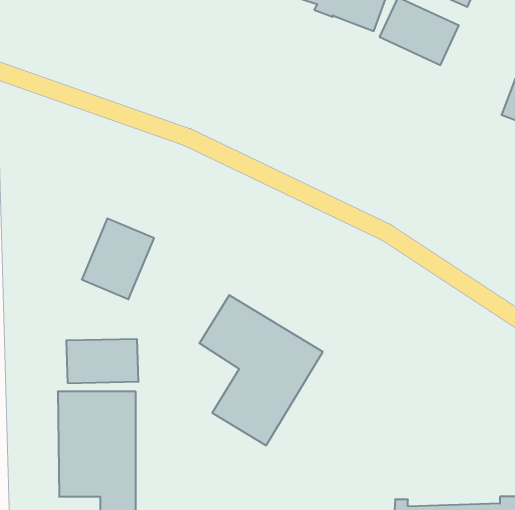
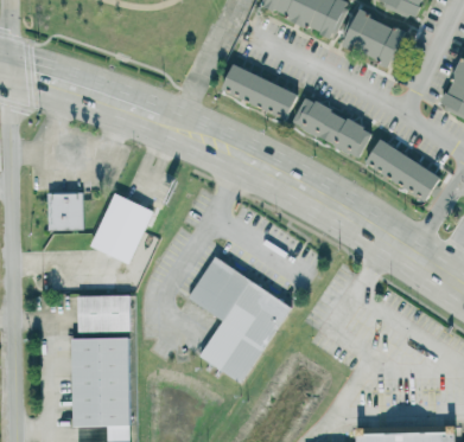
building: none -> [220,63,299,118]
building: none -> [292,100,373,156]
building: none -> [364,139,439,199]
building: none -> [49,193,87,230]

